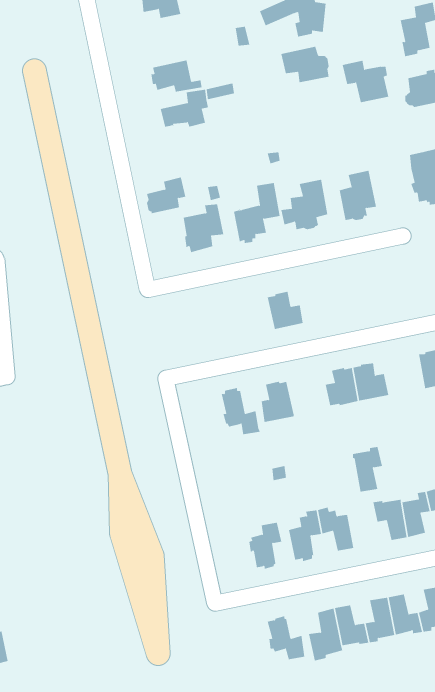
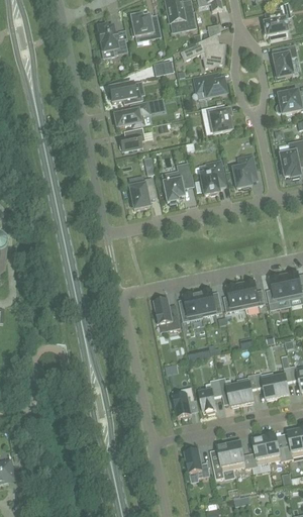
building: [342,60,389,103] -> [201,105,232,133]
building: [146,177,186,214] -> [119,126,145,150]
building: [267,291,303,331] -> [198,290,222,316]
building: none -> [267,276,291,307]
building: [352,446,383,492] -> [237,374,258,404]

